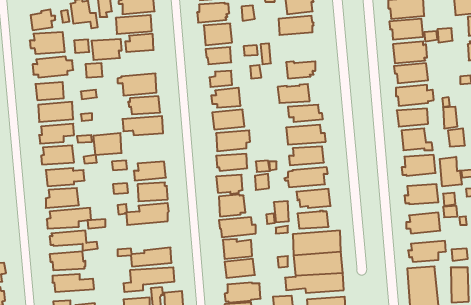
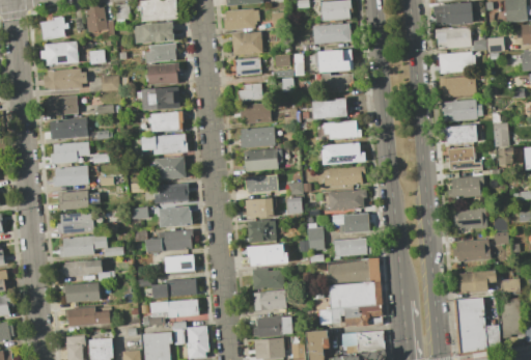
building: [91,39,122,60] -> [146,62,179,85]
building: none -> [314,49,352,72]
building: [93,133,122,155] -> [153,156,185,179]
building: [440,157,462,186] -> none
building: none -> [157,253,194,273]

